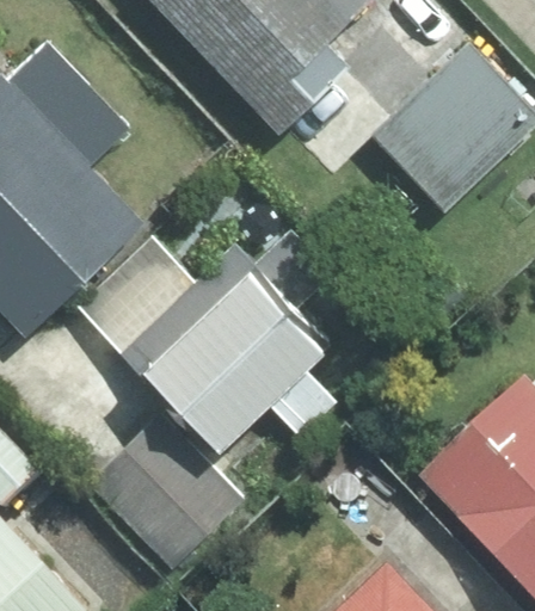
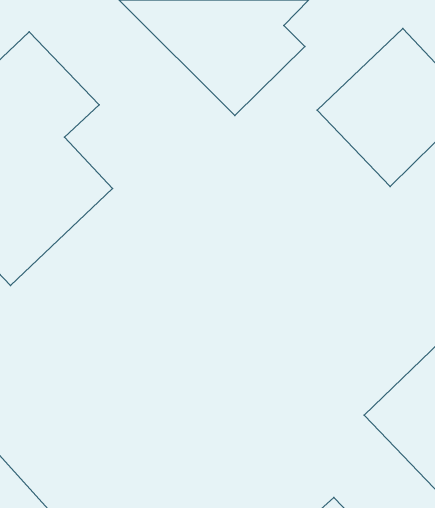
building: [124,253,333,450] -> none
building: [93,412,242,561] -> none

